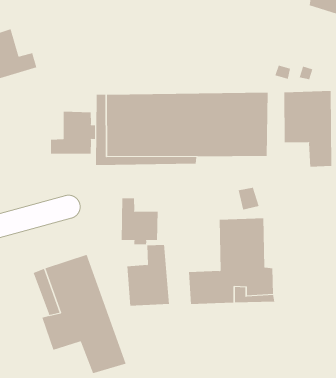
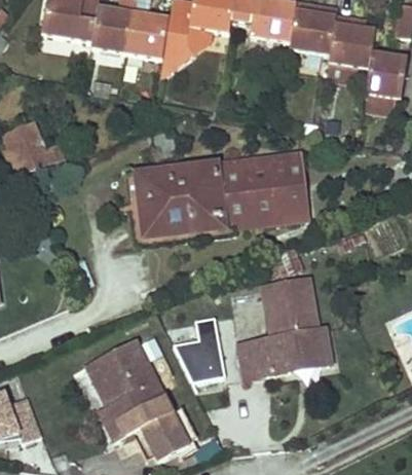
building: [284,90,332,168] -> none
building: [50,111,95,155] -> none
building: [121,198,158,245] -> none

